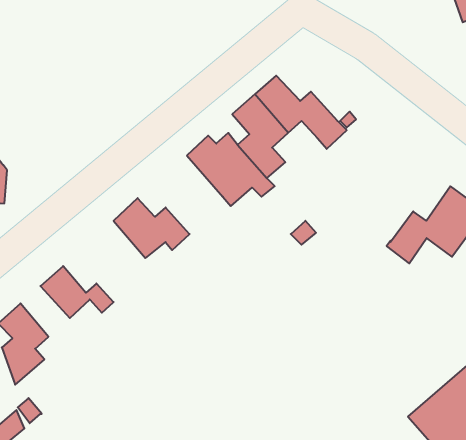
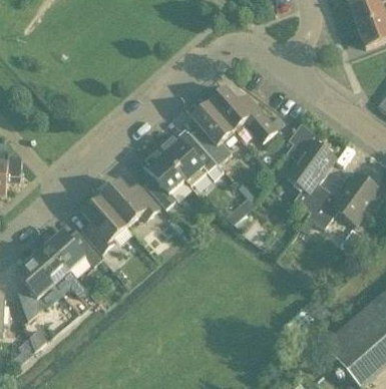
building: none -> [286,121,338,212]
building: none -> [141,146,185,207]
building: none -> [84,196,127,252]
building: none -> [33,245,78,285]

